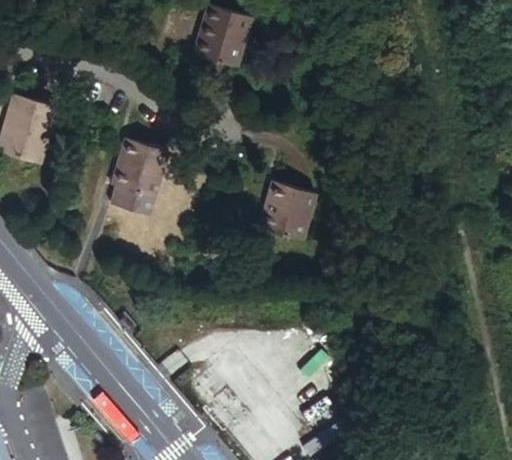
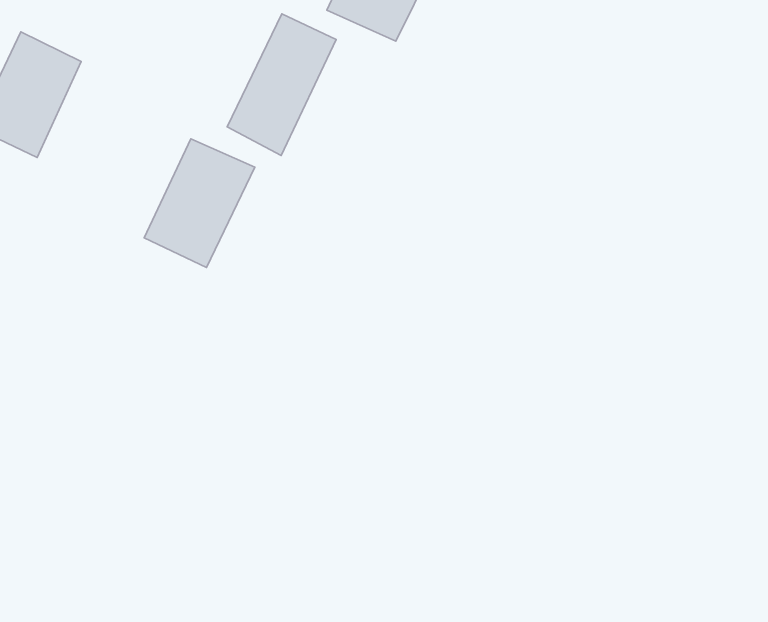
building: none -> [227,14,336,155]
building: [262,181,316,239] -> none

